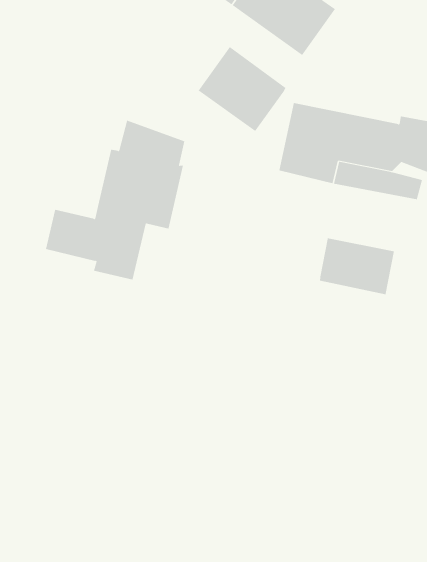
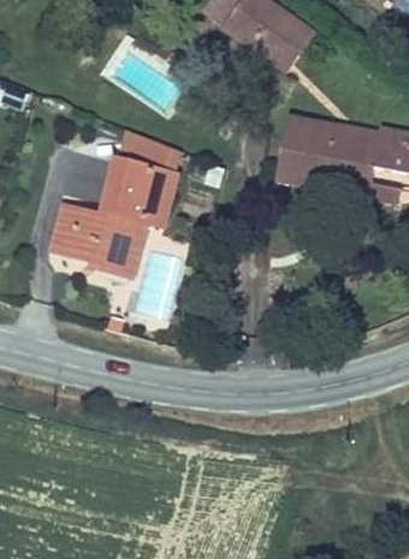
building: [198,46,286,132] -> none
building: [320,238,395,295] -> none

